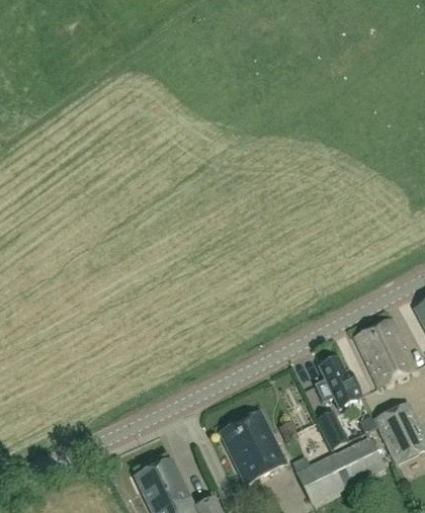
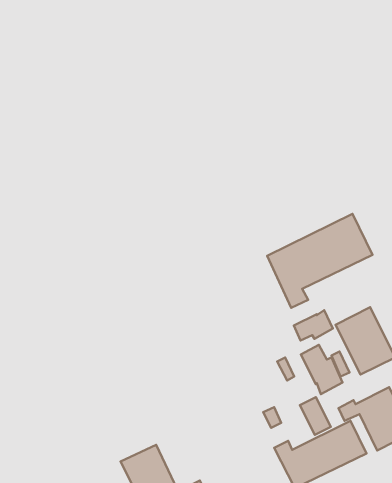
building: none -> [267,214,373,308]
building: none -> [294,310,333,341]
building: [219,411,285,483] -> none

